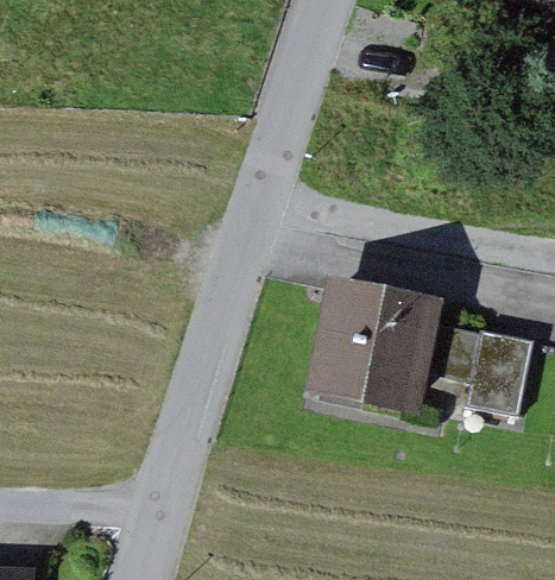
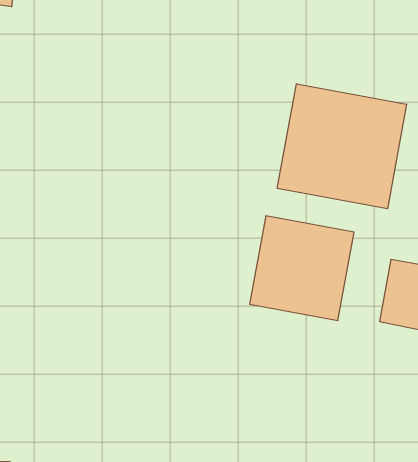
building: none -> [277,84,407,209]

